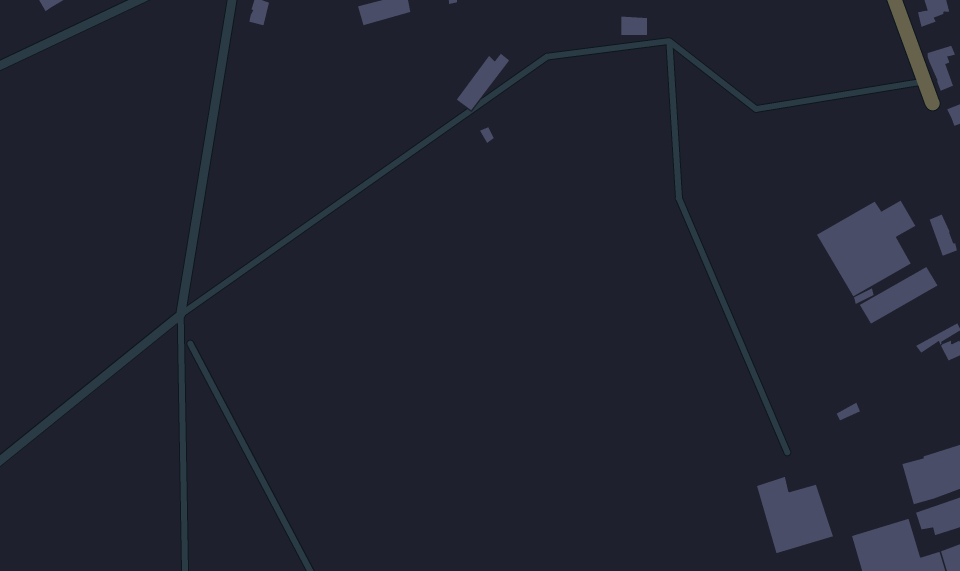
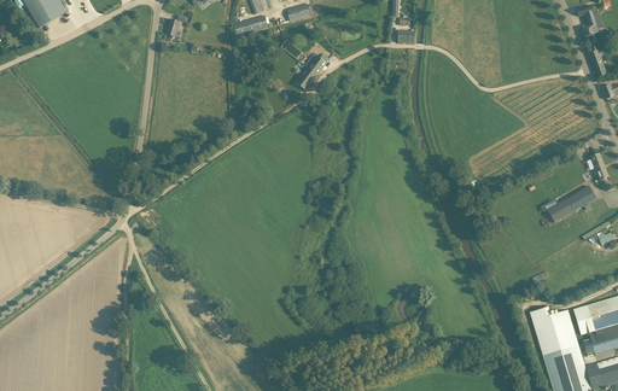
building: [816,200,916,297] -> none
building: [756,476,834,554] -> [530,305,578,354]

